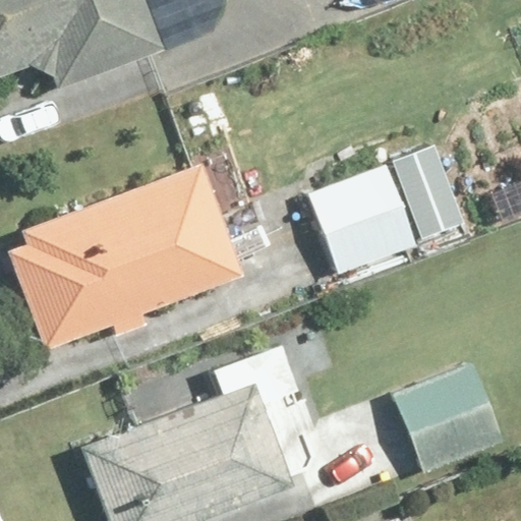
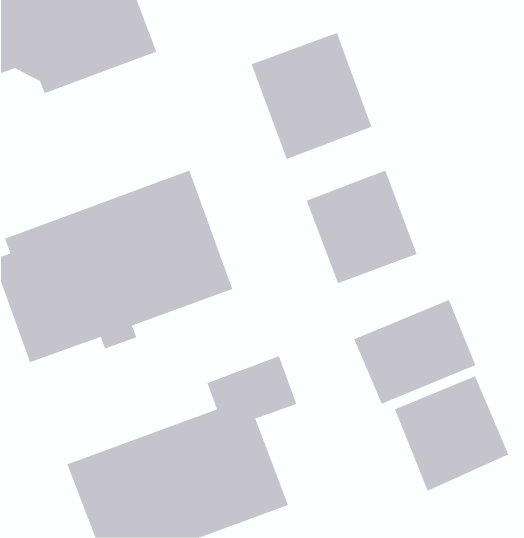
building: none -> [251,32,372,160]
building: none -> [354,299,476,404]

